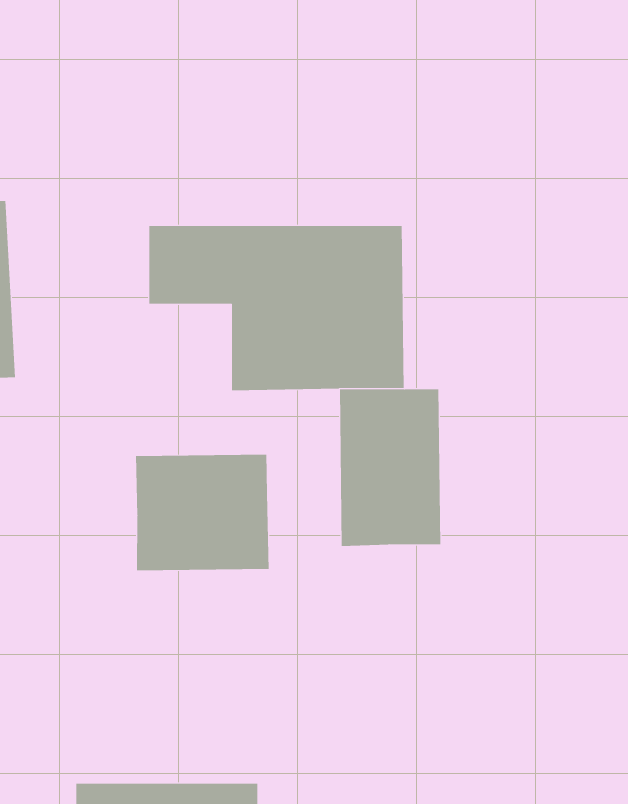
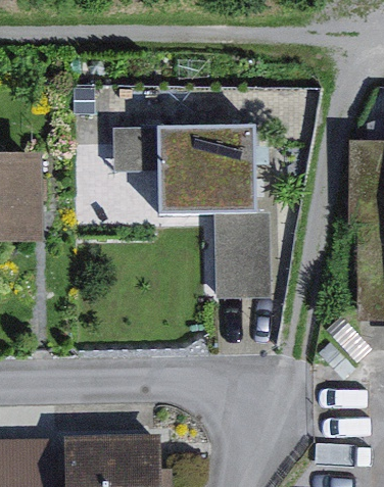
building: [136,454,269,571] -> none

